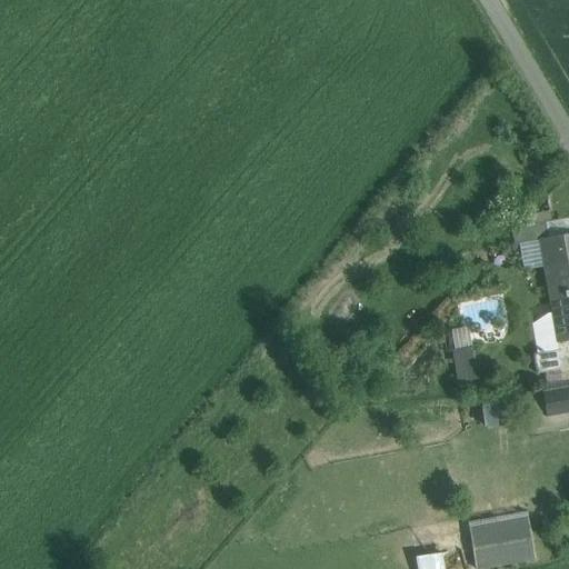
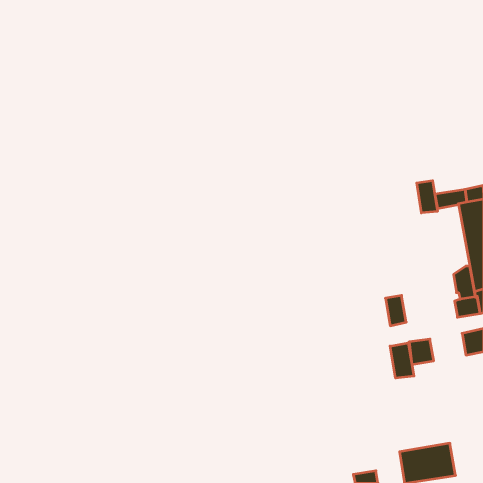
building: none -> [417,181,437,213]
building: none -> [390,343,414,378]

